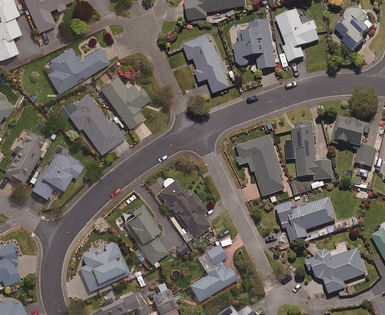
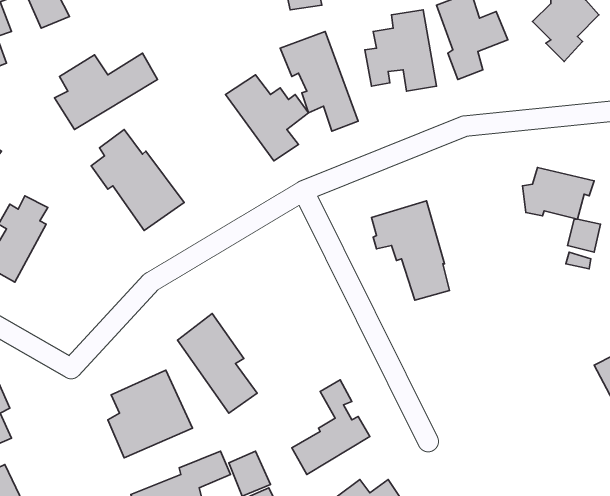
building: [99,76,149,128] -> [226,75,309,161]
building: [292,123,332,180] -> none
building: [31,149,83,199] -> none
building: [158,179,210,238] -> none
building: [276,197,336,242] -> none
building: [306,248,366,294] -> none

